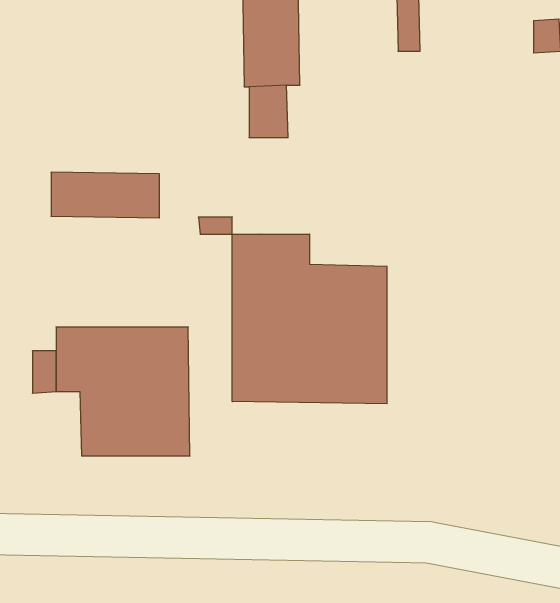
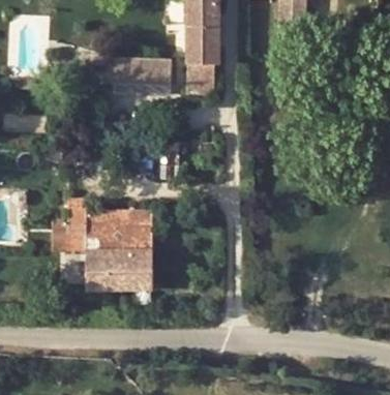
building: [51,172,159,218] -> [102,57,169,85]
building: [232,234,387,404] -> none

